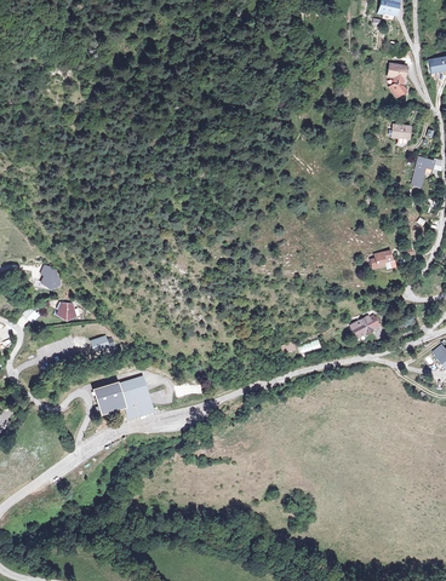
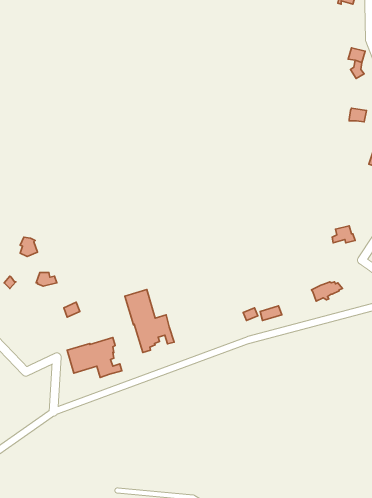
building: none -> [125,290,174,353]

